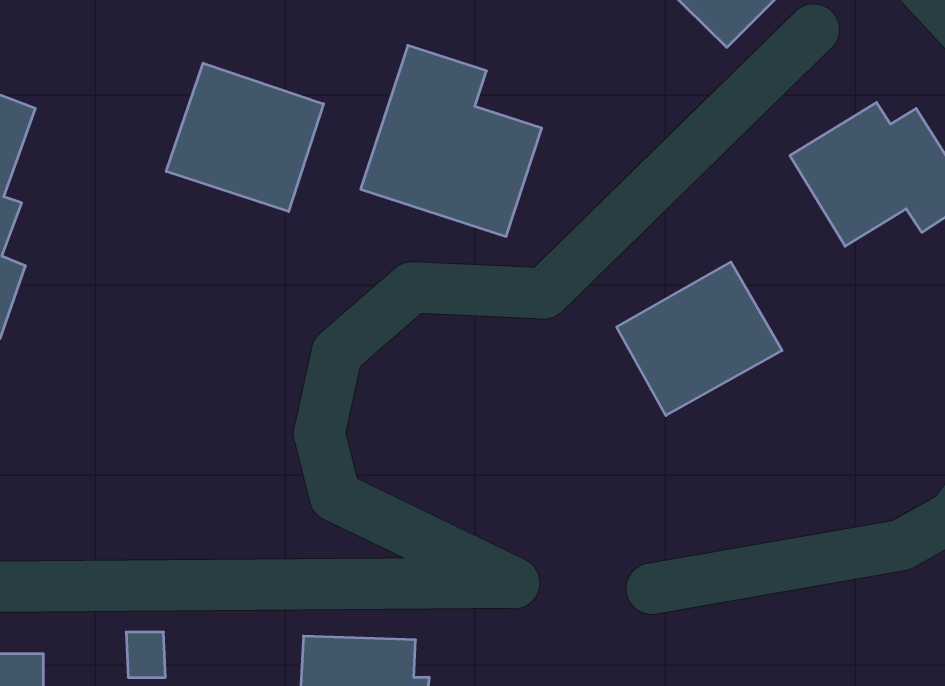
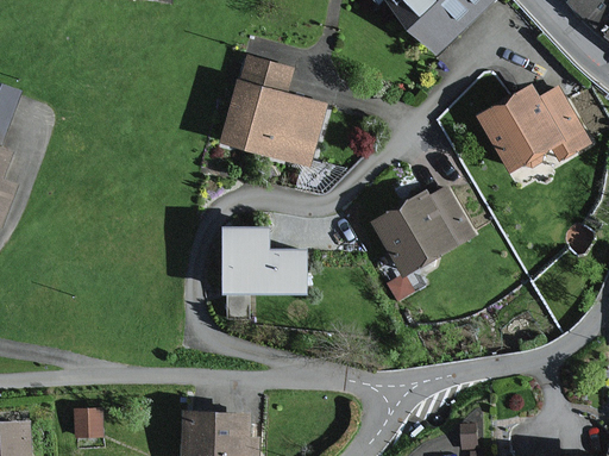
building: [166,63,324,212] -> none
building: none -> [218,229,303,295]

